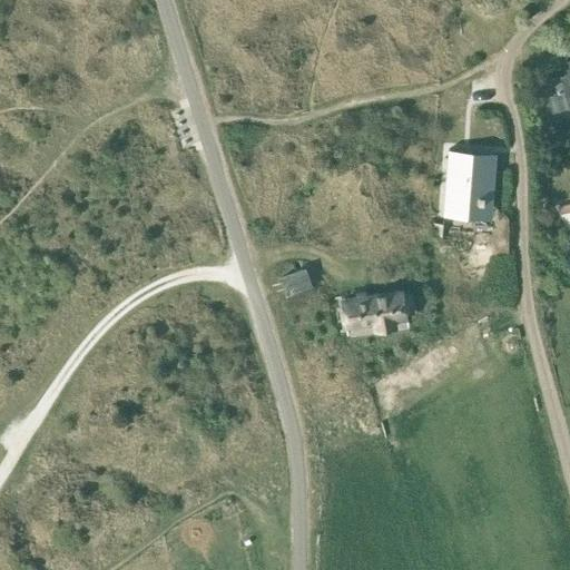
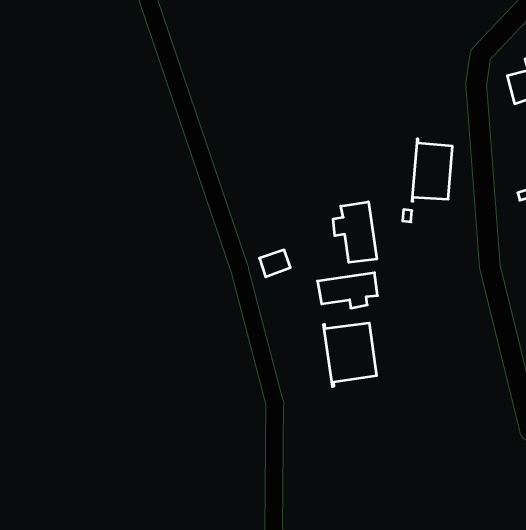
building: none -> [333,202,377,262]
building: none -> [323,323,377,387]

